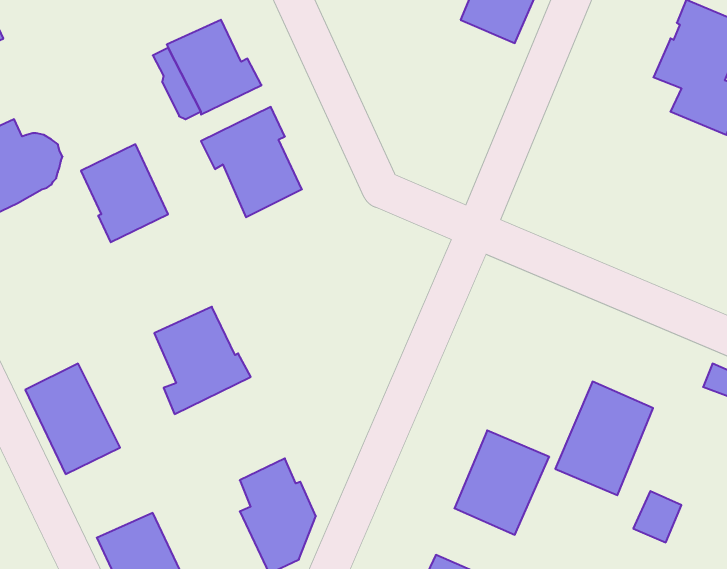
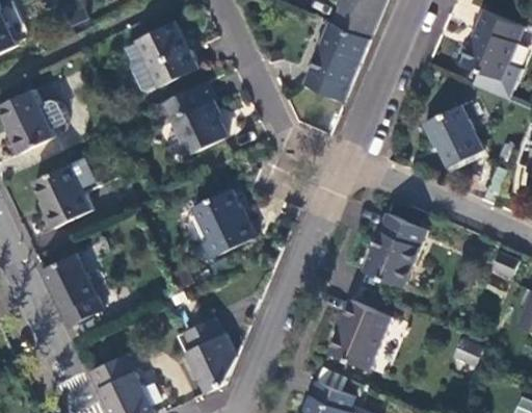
building: none -> [301,23,368,101]
building: none -> [421,103,481,165]
building: [81,144,168,242] -> [33,163,91,229]
building: [154,307,251,414] -> [191,189,256,261]
building: [555,382,653,495] -> [361,212,426,288]

